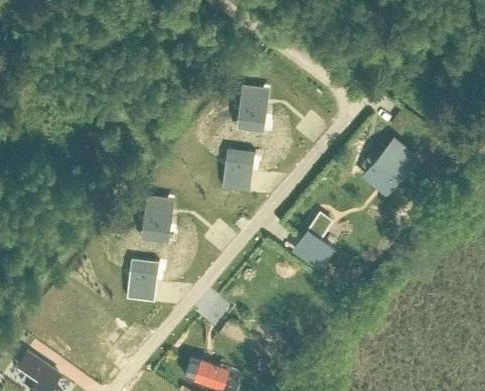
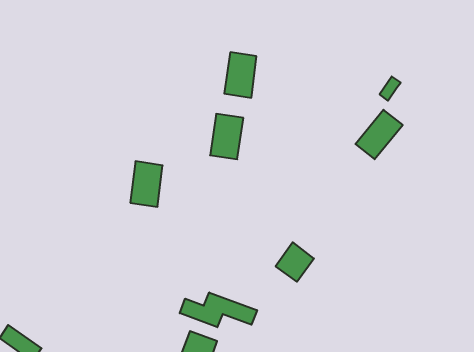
building: [296,229,334,268] -> [276,242,314,282]
building: [129,255,161,300] -> none
building: none -> [180,292,257,327]

